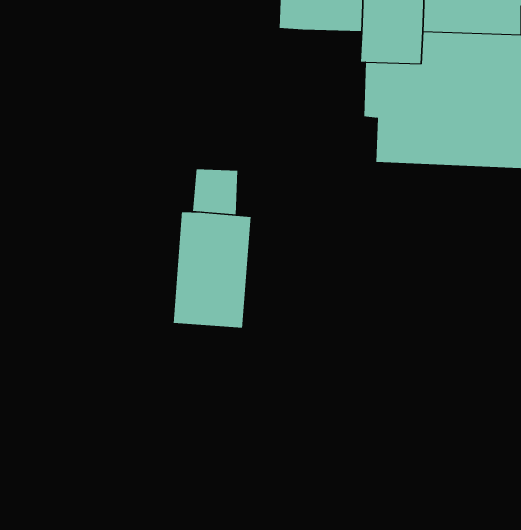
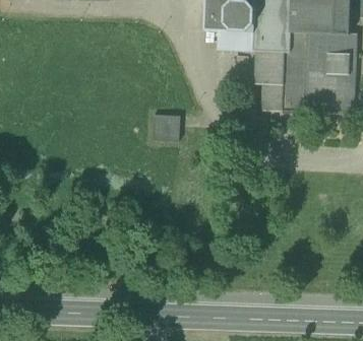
building: none -> [217,30,253,50]
building: [173,212,251,329] -> none

